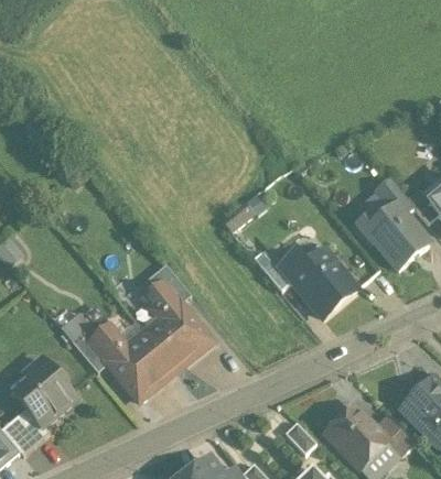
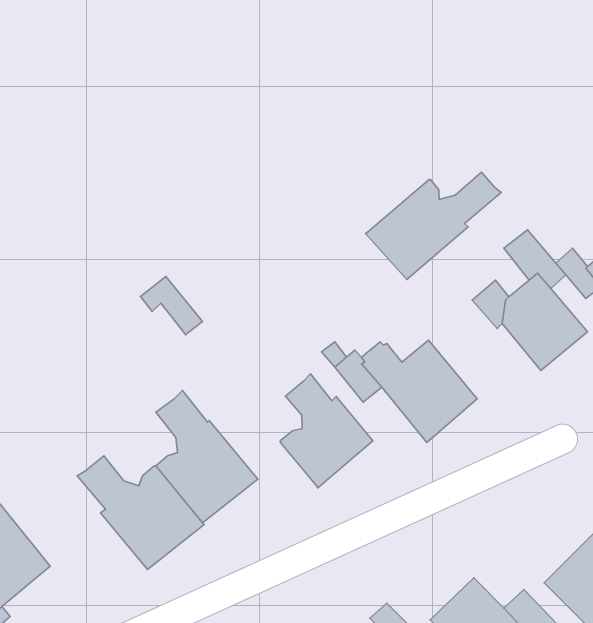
building: none -> [366,172,501,280]
building: [149,264,190,303] -> [141,276,203,335]
building: none -> [280,374,373,488]
building: [72,325,111,370] -> none

